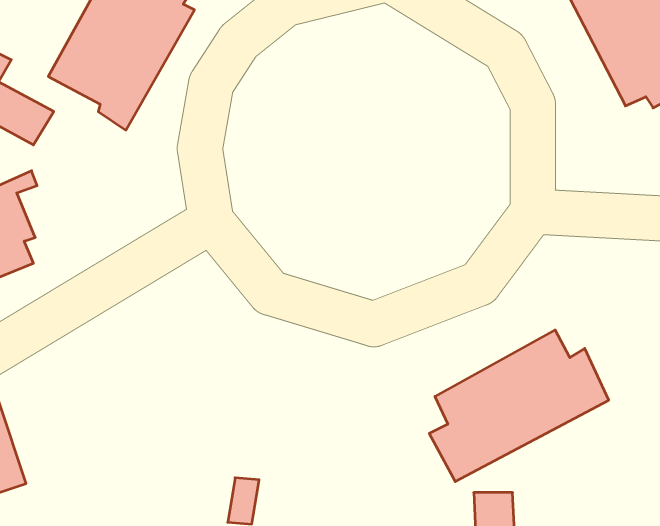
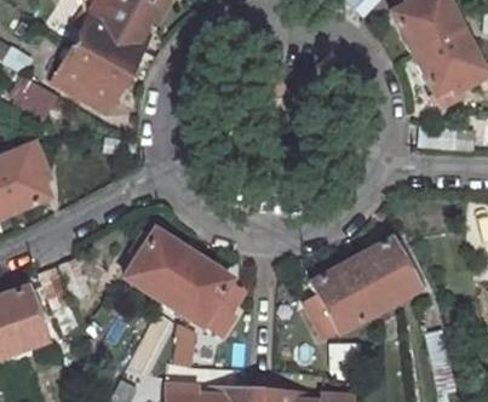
building: none -> [125,231,243,338]

